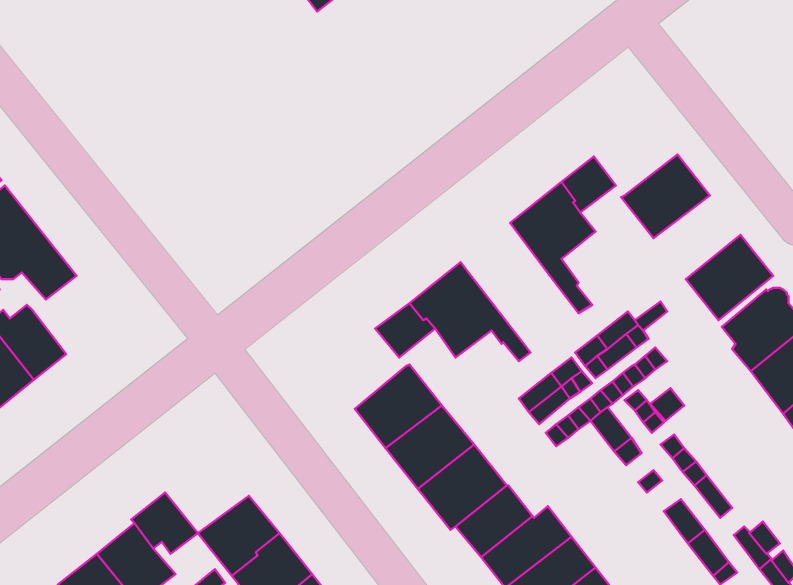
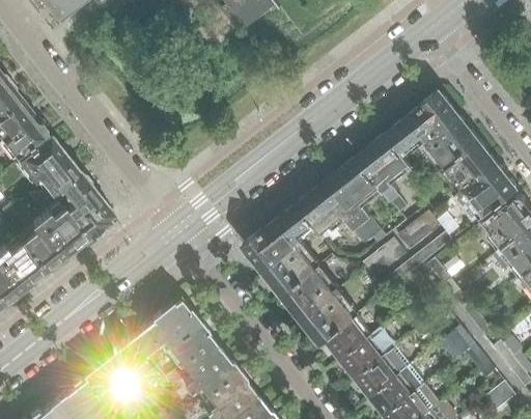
building: none -> [407,94,457,140]
building: none -> [443,140,496,191]
building: none -> [326,157,378,235]
building: none -> [65,189,109,236]
building: none -> [246,221,292,270]
building: none -> [146,300,197,345]

